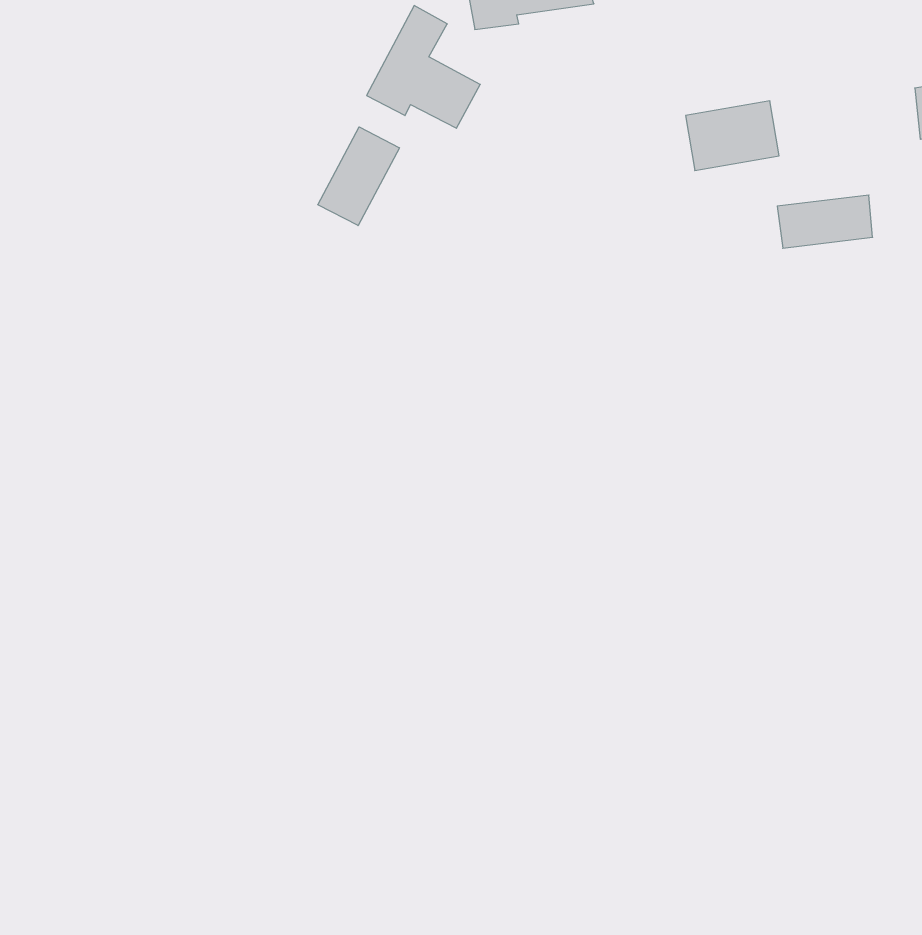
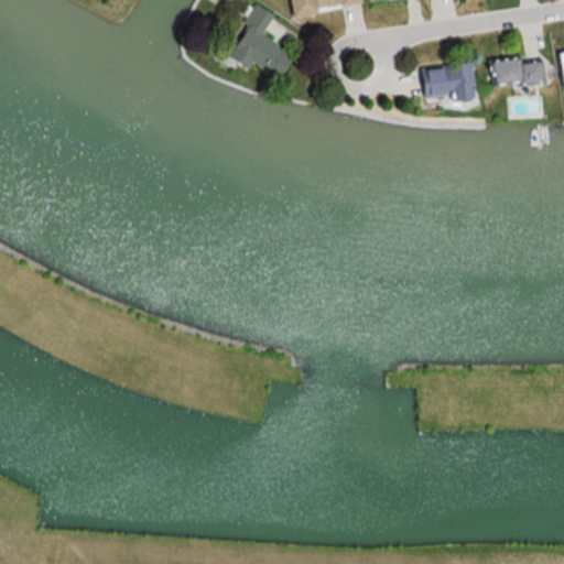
building: [318,127,399,226] -> none
building: [777,195,873,248] -> [490,55,547,87]

